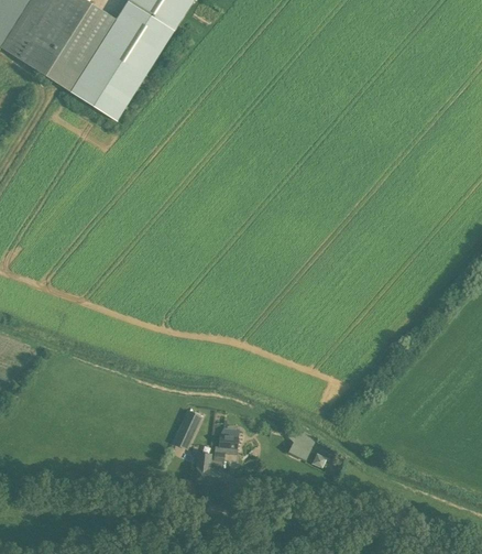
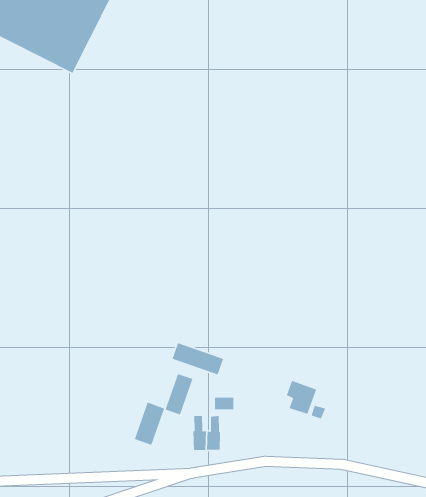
building: none -> [172,342,224,375]
building: none -> [134,402,165,446]

